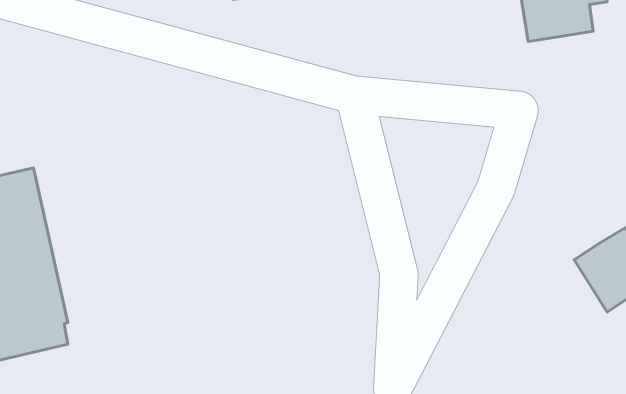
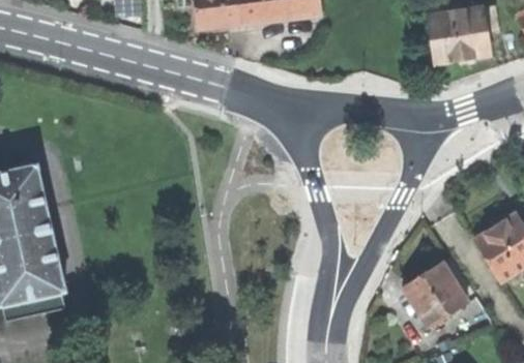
building: none -> [402,262,467,326]

